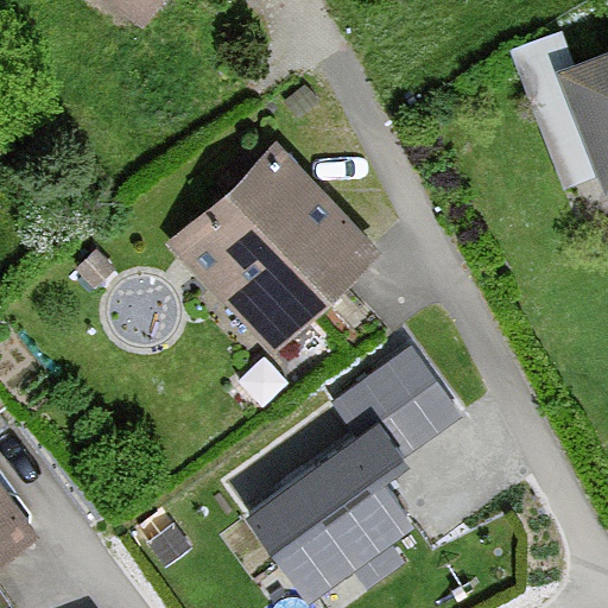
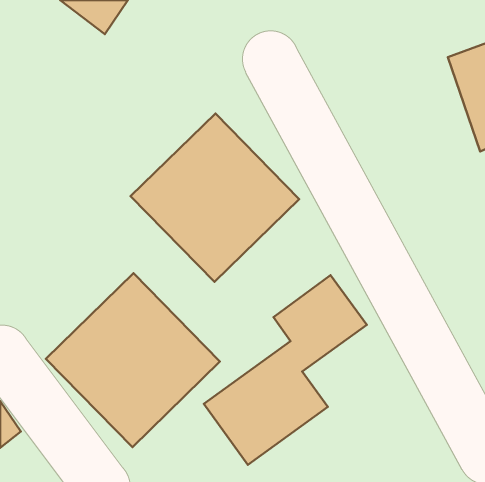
building: none -> [46,273,220,447]

